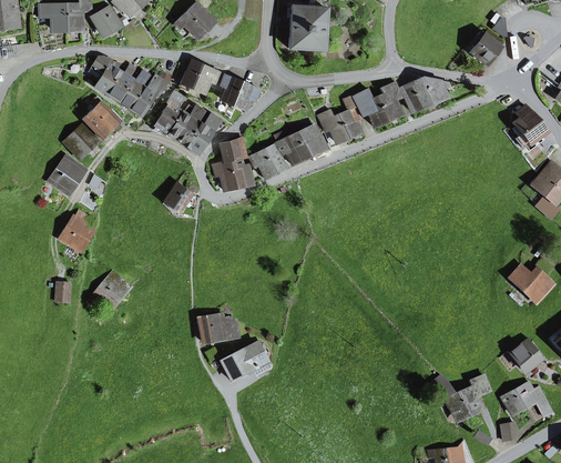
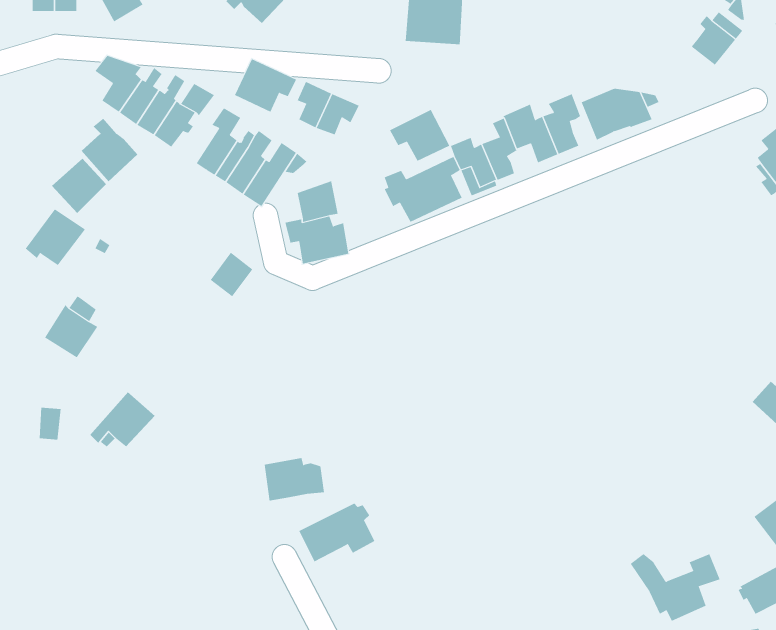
building: [247,144,286,178] -> [389,109,450,161]

